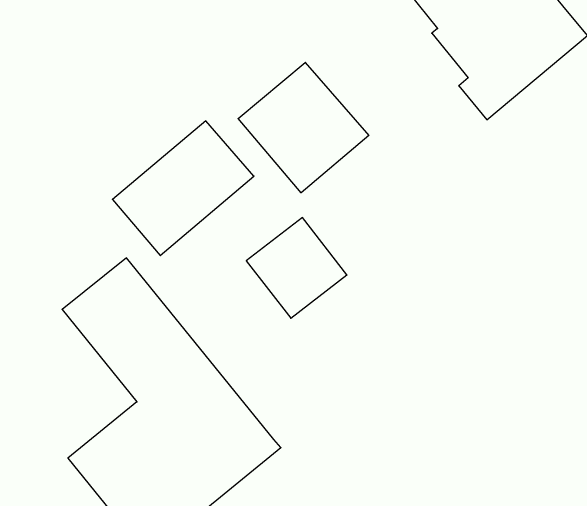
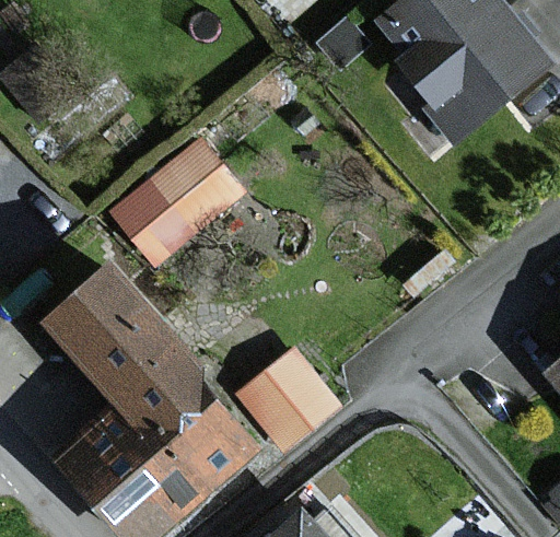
building: [238,62,369,193] -> none
building: [246,218,347,318] -> [238,355,332,450]

